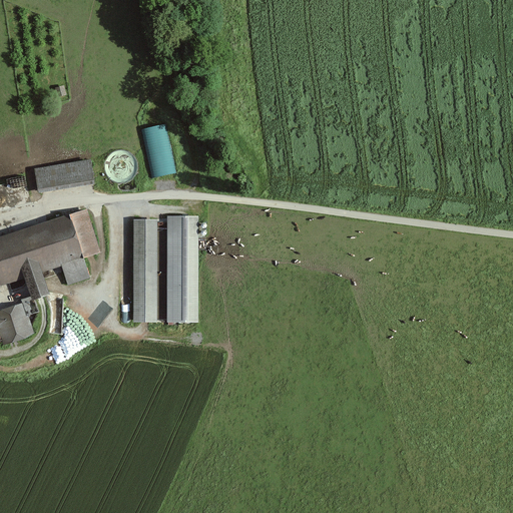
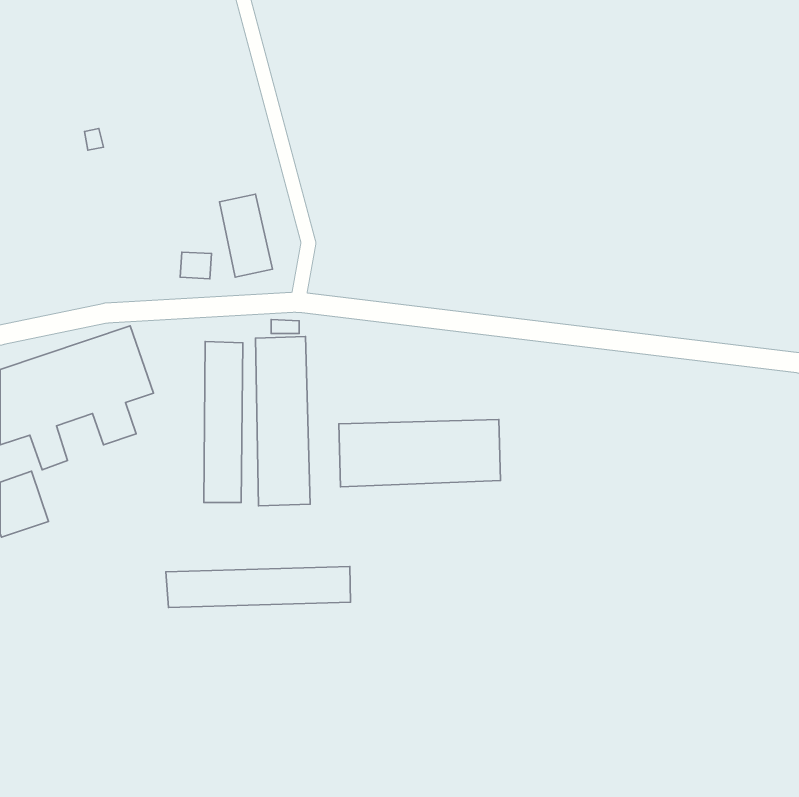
building: [35,154,95,189] -> none
building: none -> [339,419,500,487]
building: none -> [166,567,350,607]

